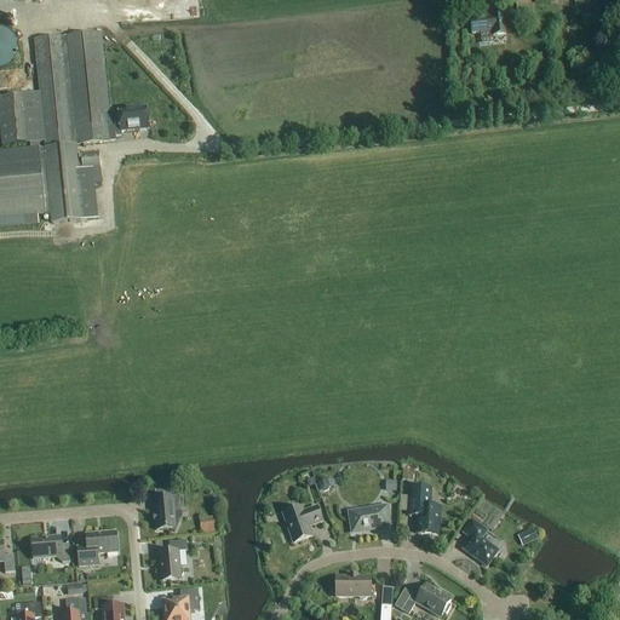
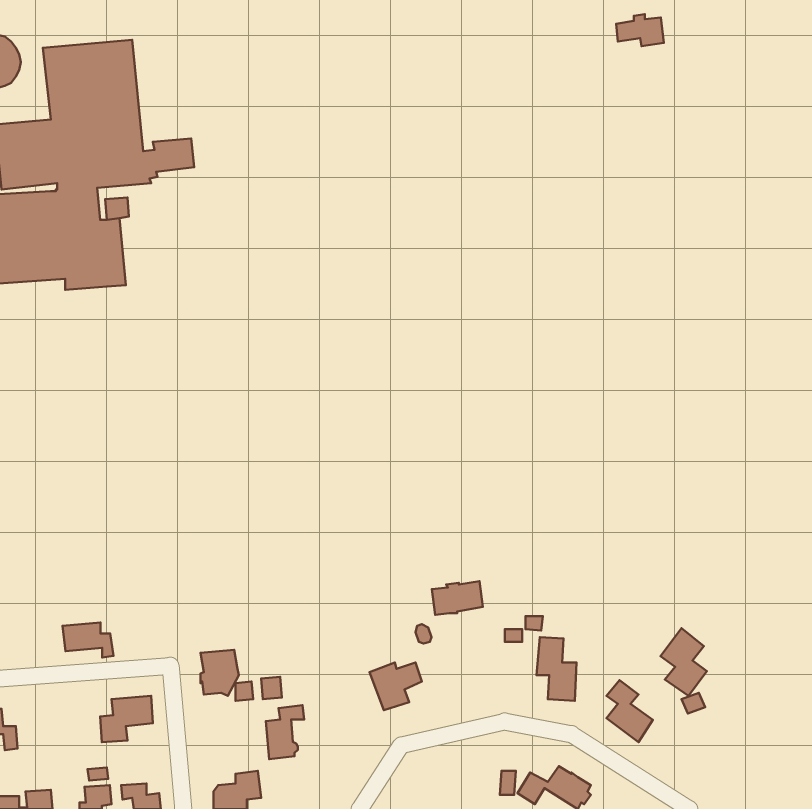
building: none -> [661,628,707,696]
building: [349,504,388,529] -> [432,581,483,615]
building: [30,534,69,561] -> [62,622,113,658]
building: [157,538,186,579] -> [266,705,304,759]
building: [334,574,369,597] -> none

